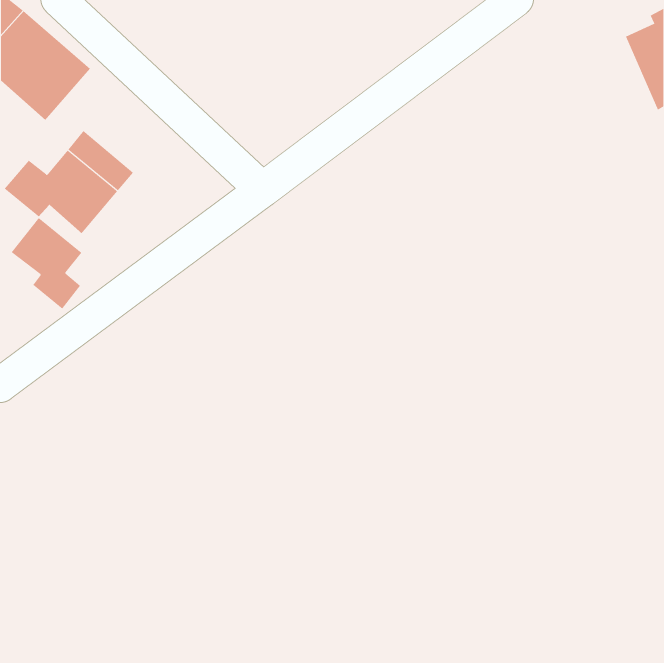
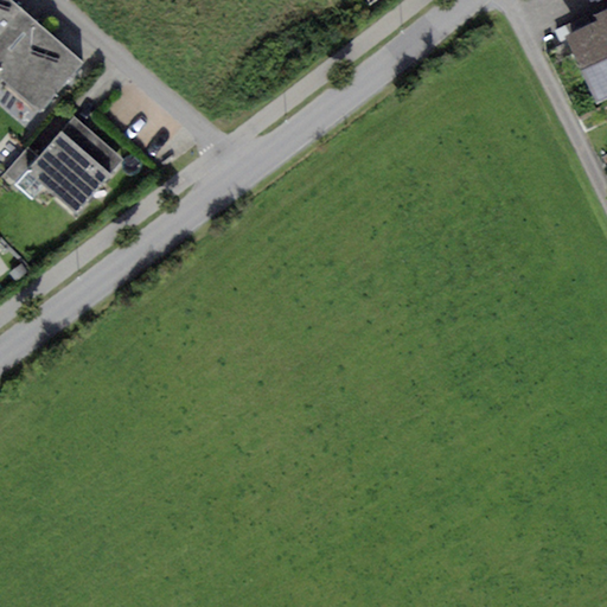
building: [11,217,82,310] -> none

